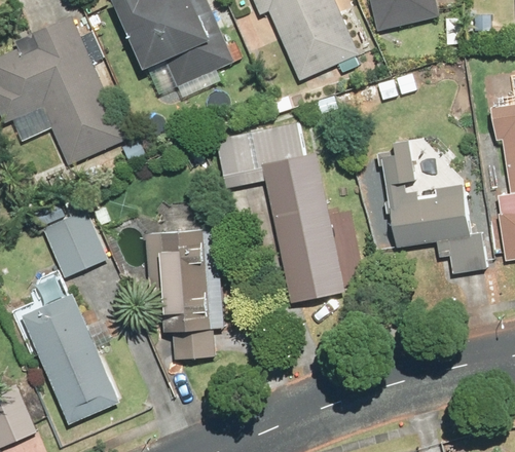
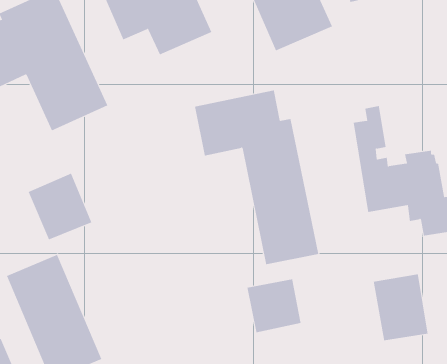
building: [145,228,225,360] -> none
building: none -> [373,274,428,341]
building: none -> [247,278,301,333]

